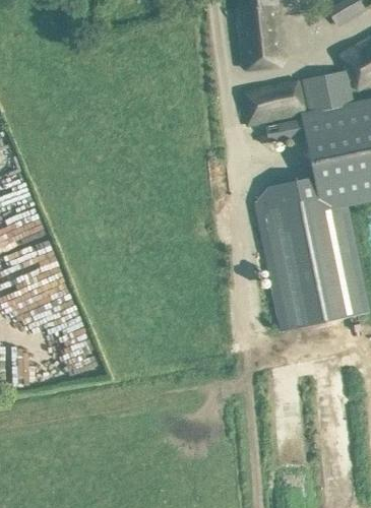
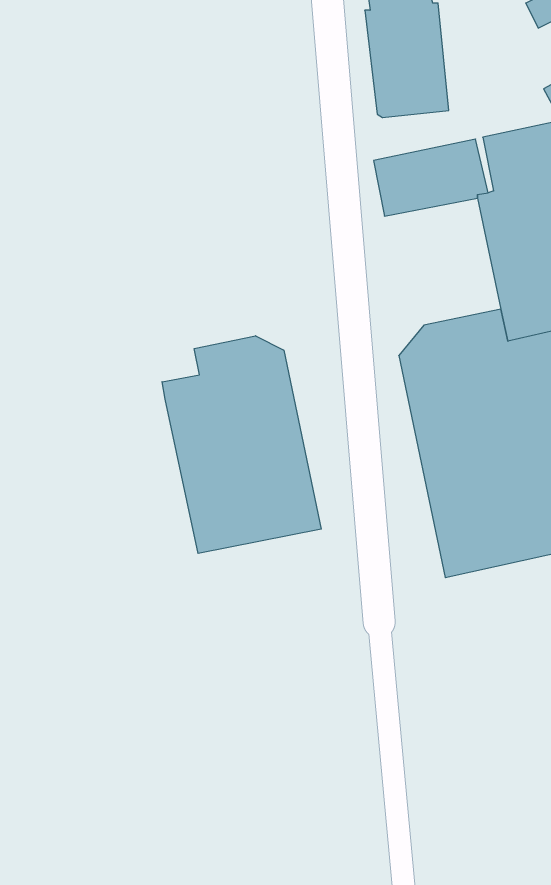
building: none -> [162,336,321,553]

